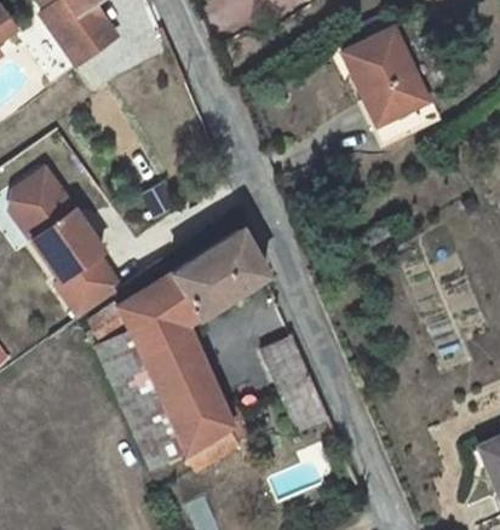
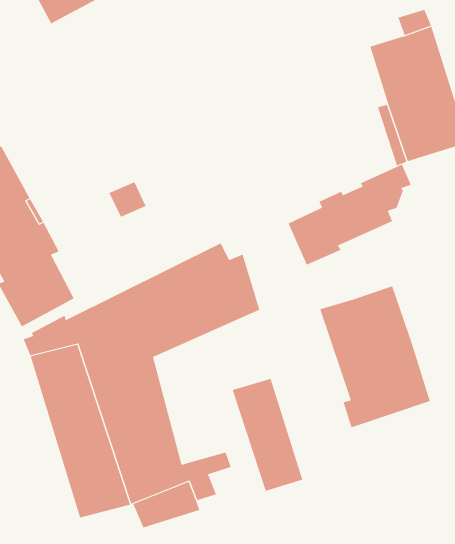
building: none -> [288,164,412,265]
building: none -> [319,285,430,428]

